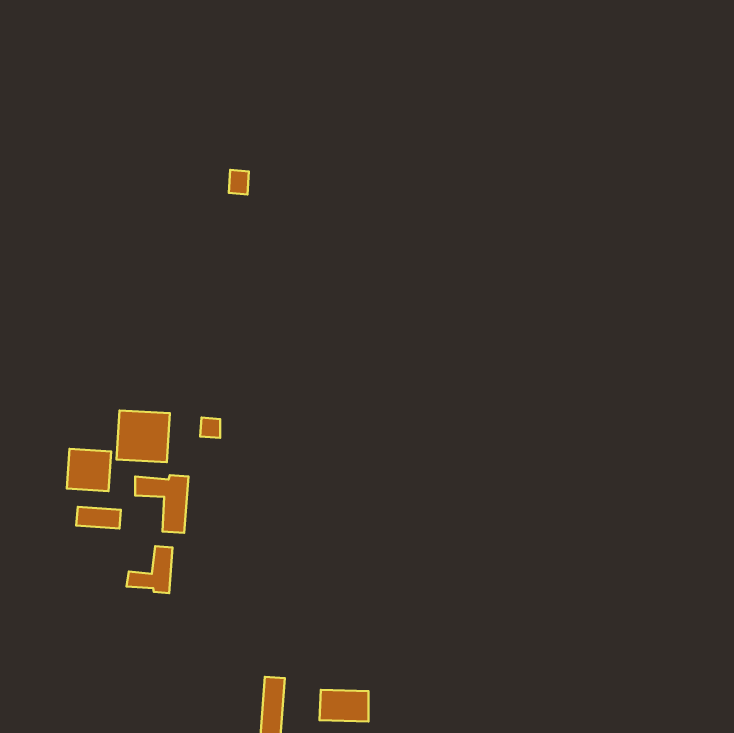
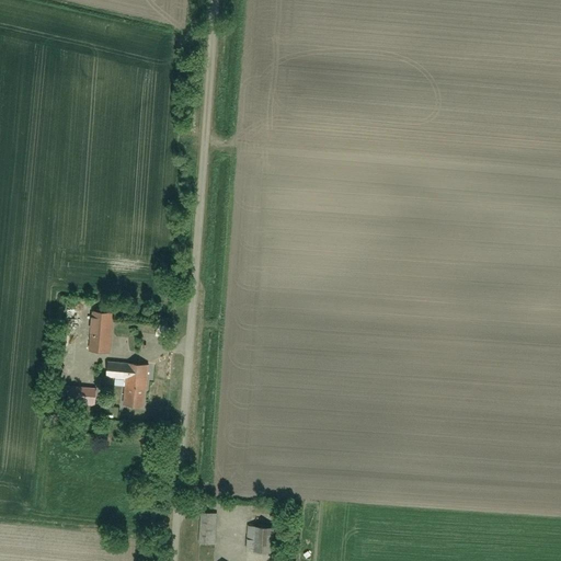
building: [67,449,111,491] -> none
building: [126,546,173,593] -> none

